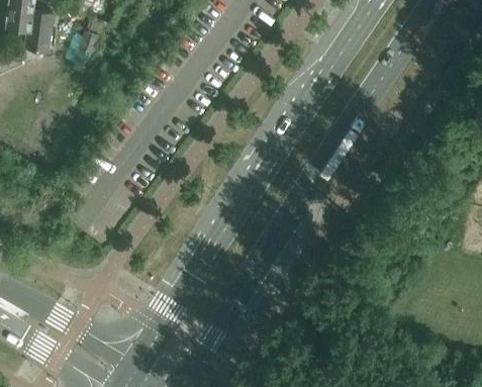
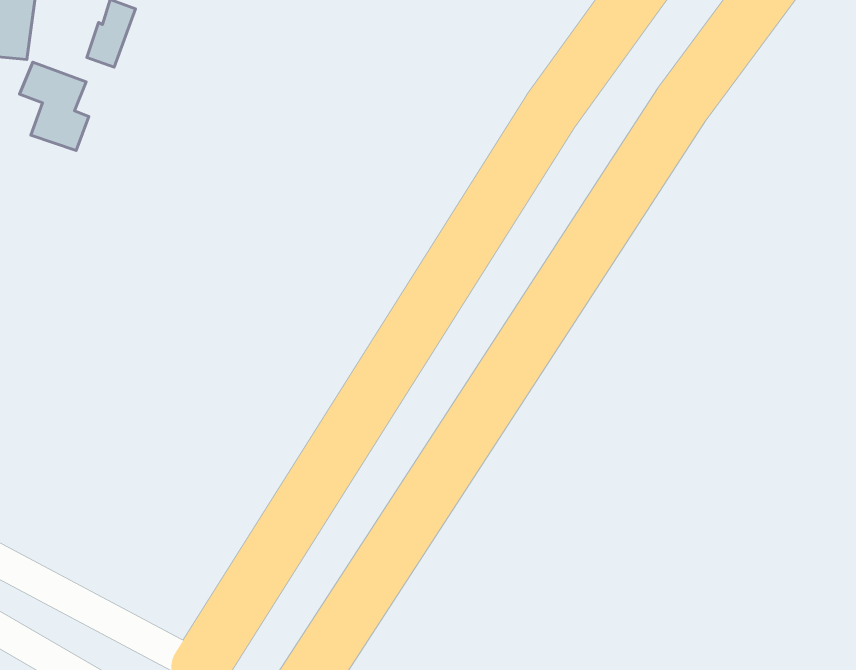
building: none -> [20,62,89,150]

